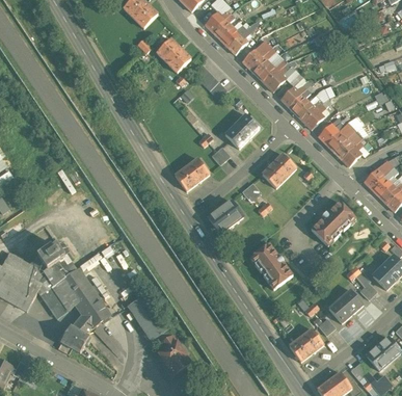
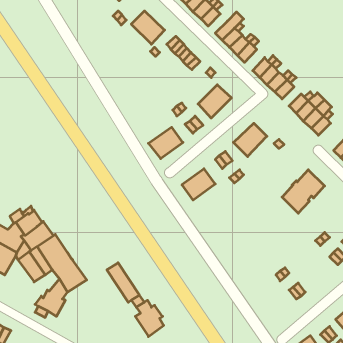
building: [249,243,292,288] -> none
building: [328,289,363,322] -> none
building: [288,327,323,361] -> none

